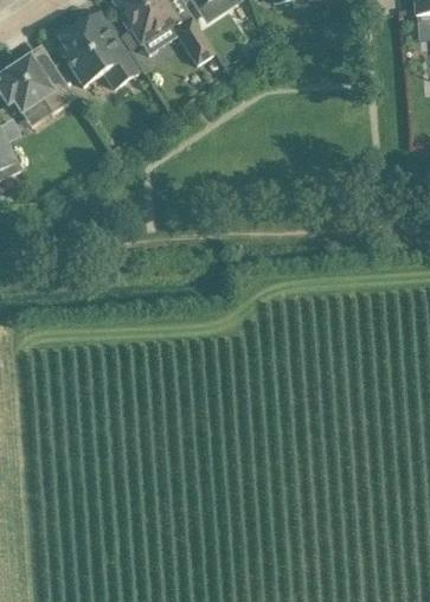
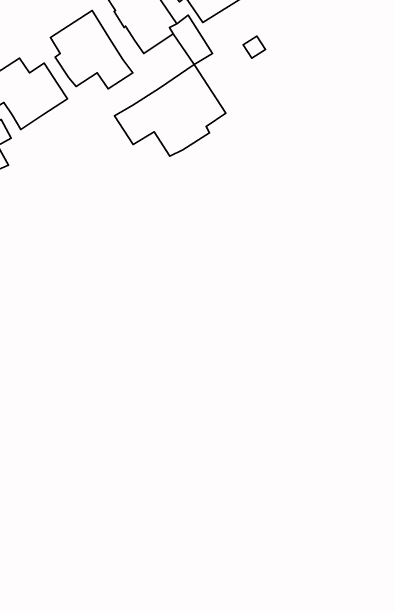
building: none -> [115,64,226,156]

